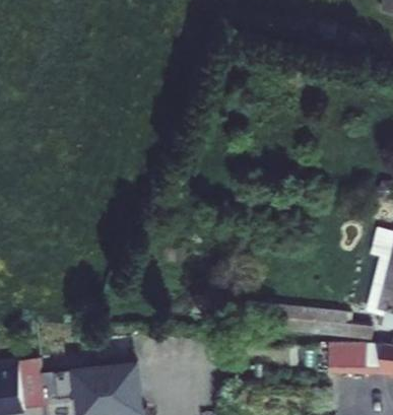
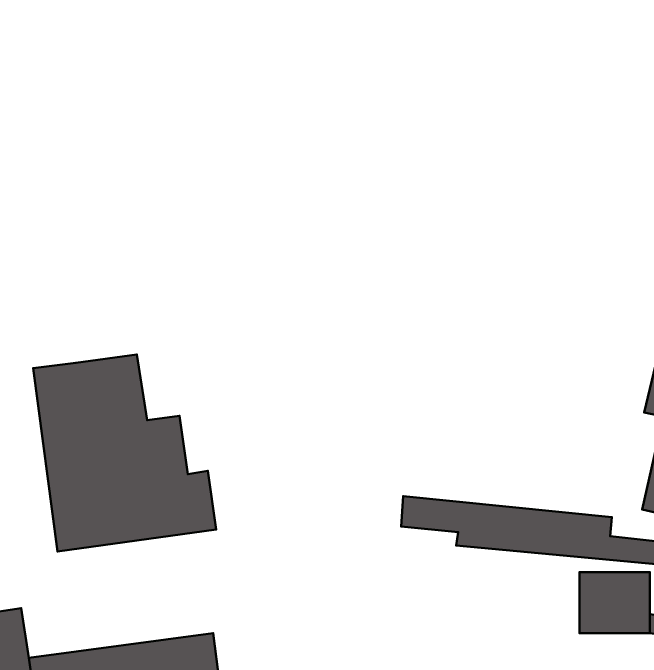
building: none -> [33,355,216,551]

